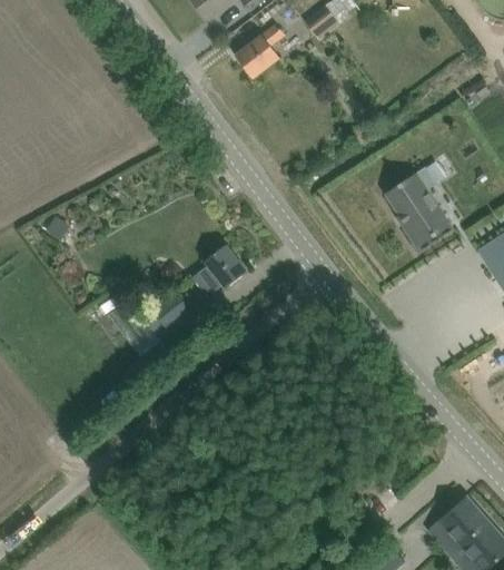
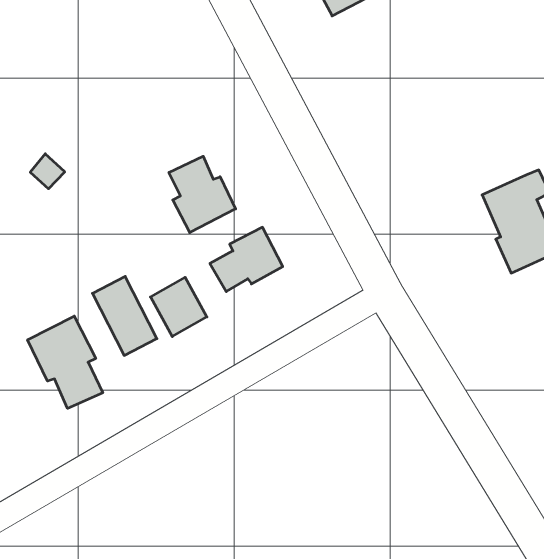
building: none -> [169,156,236,233]
building: none -> [28,316,103,408]

